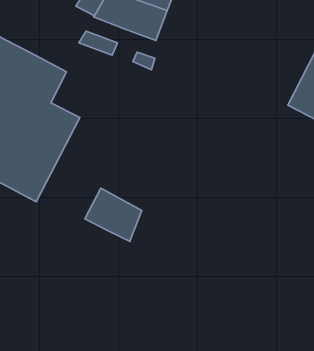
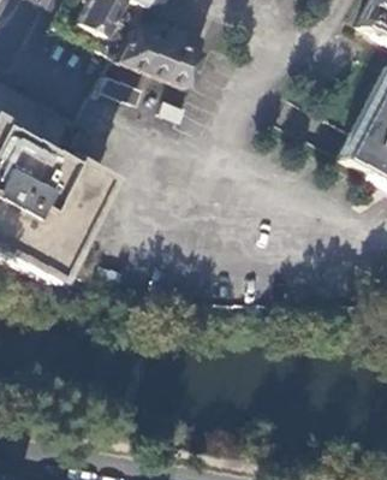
building: [85,188,142,242] -> none

